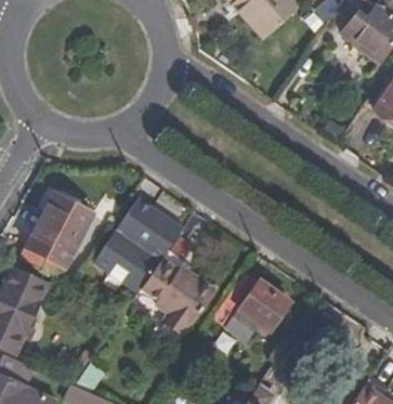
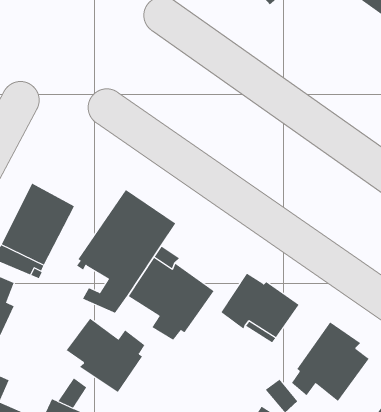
building: none -> [66,318,145,393]
building: none -> [291,322,370,402]

